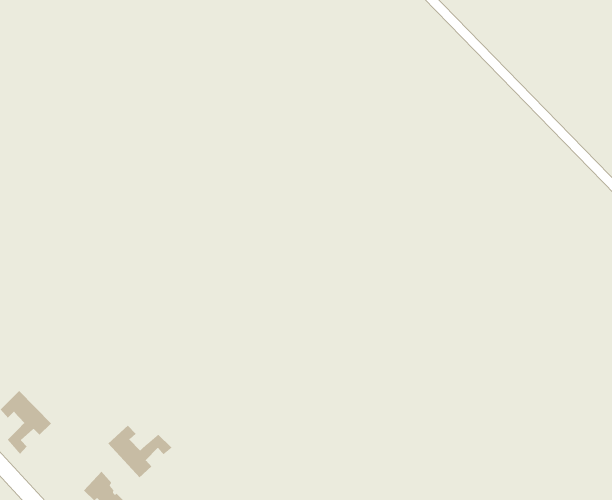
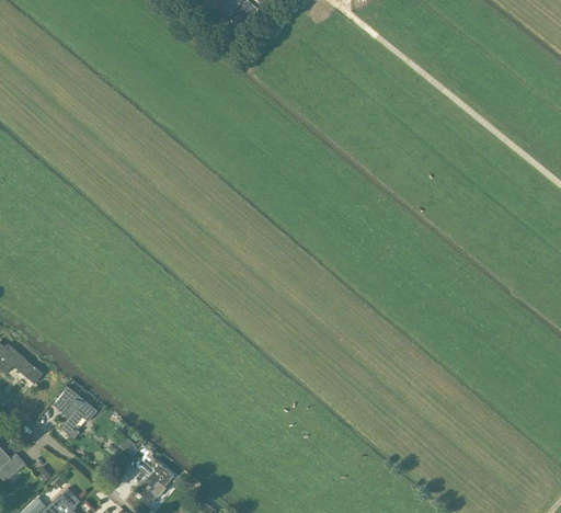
building: [107,425,173,478] -> none

